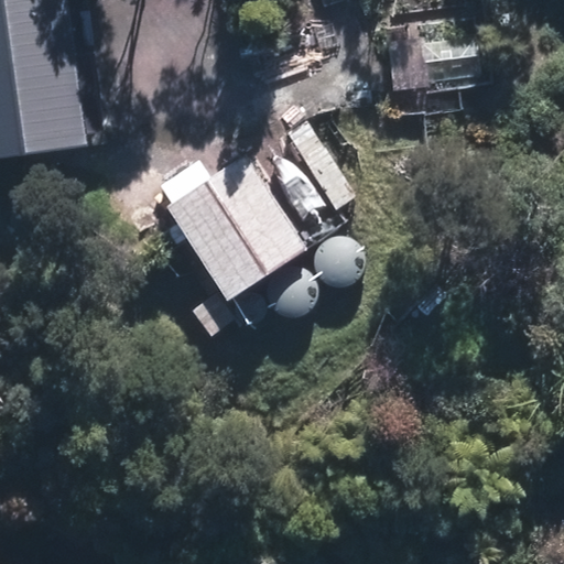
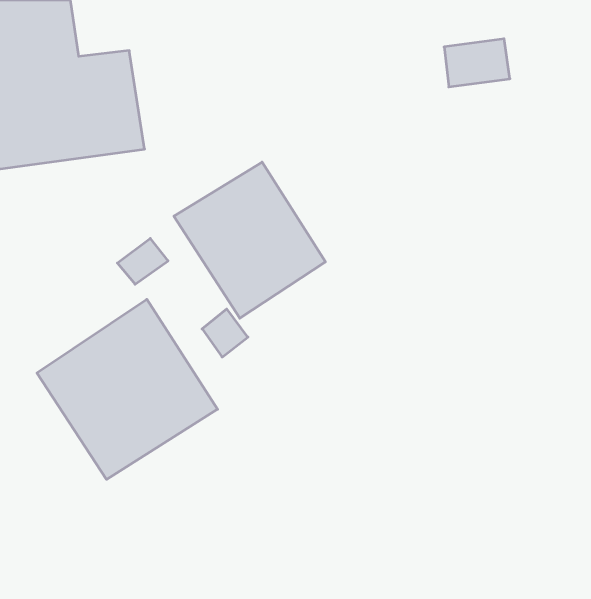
building: none -> [37,299,218,479]

